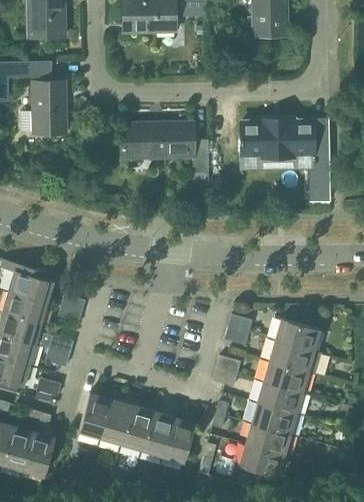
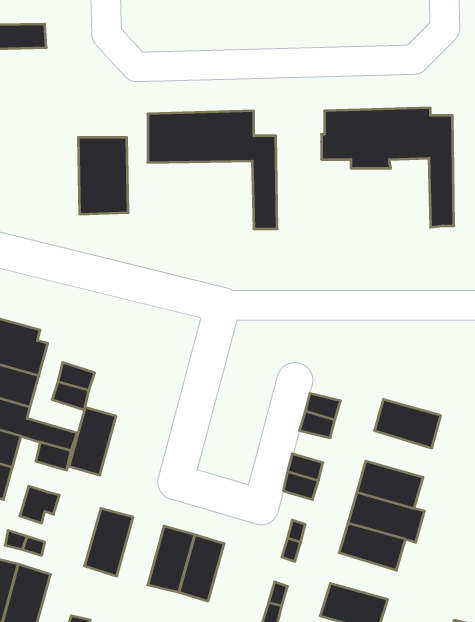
building: [32,82,66,134] -> [78,137,128,214]
building: [269,340,321,375] -> none
building: [100,399,132,445] -> [69,407,116,475]
building: [162,417,195,463] -> none
building: [245,423,290,455] -> none

